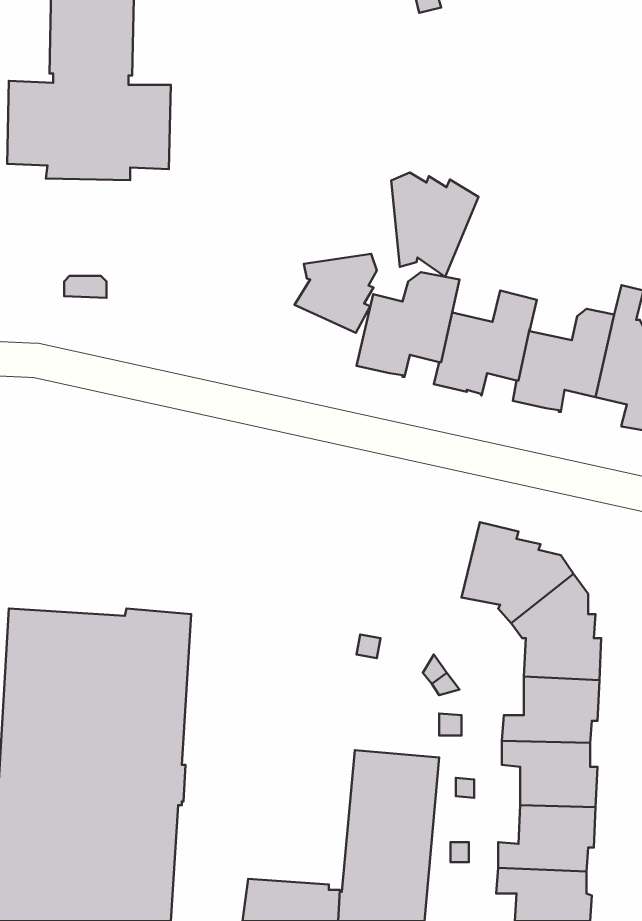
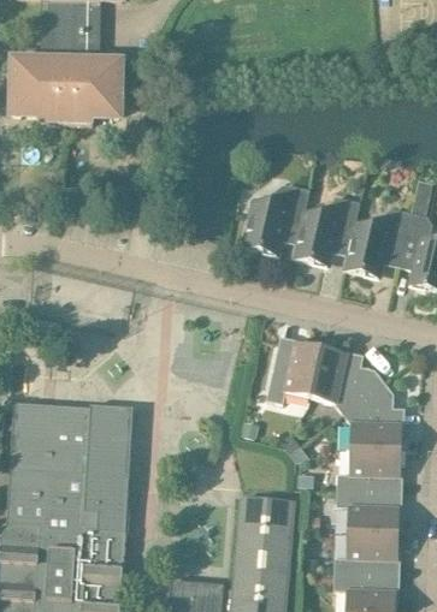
building: [391,173,479,277] -> none
building: [295,254,377,333] -> none
building: none -> [265,343,321,404]

